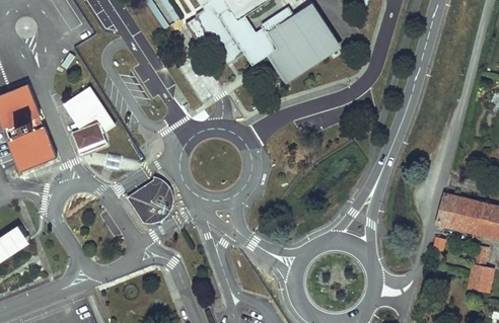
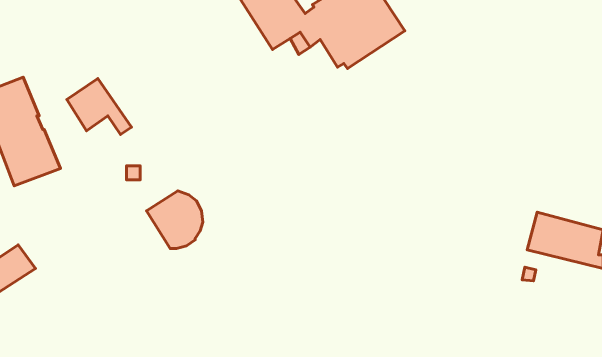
building: [74,124,102,147] -> none
building: [469,246,493,294] -> none

